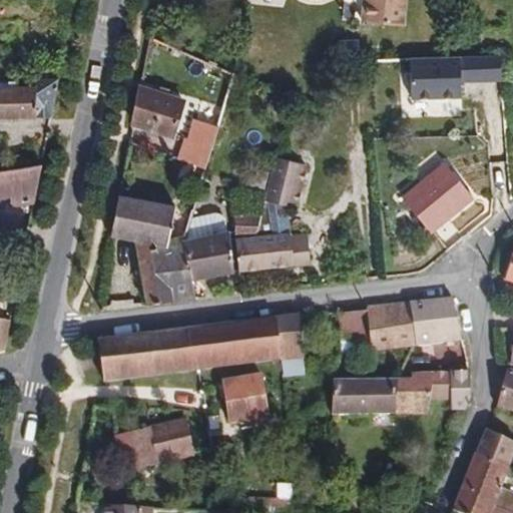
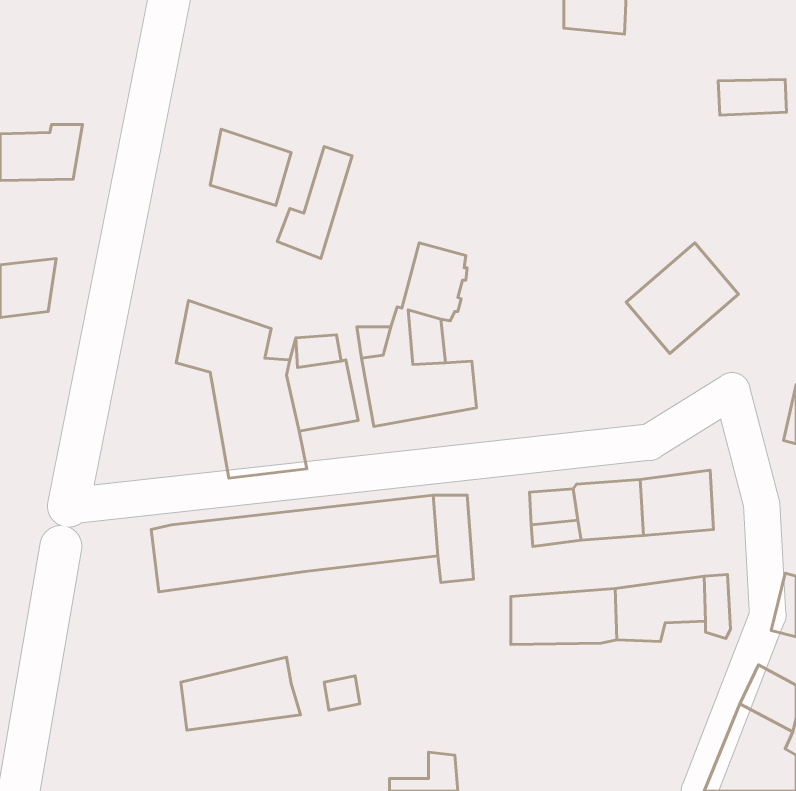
building: [409,52,463,94] -> none
building: [221,376,268,427] -> none

